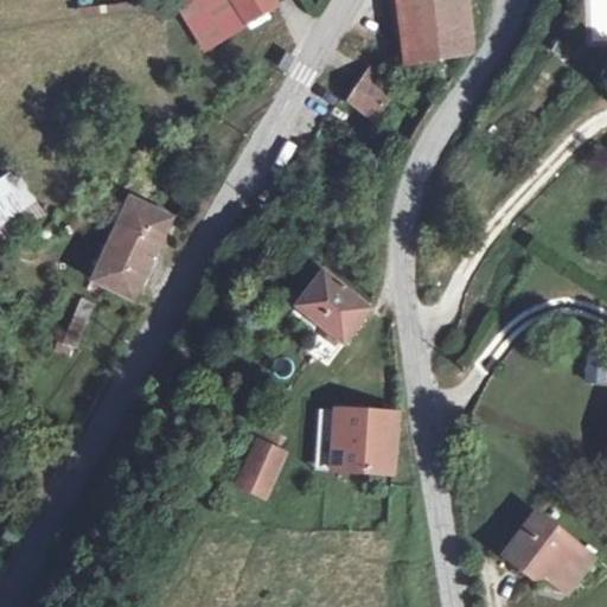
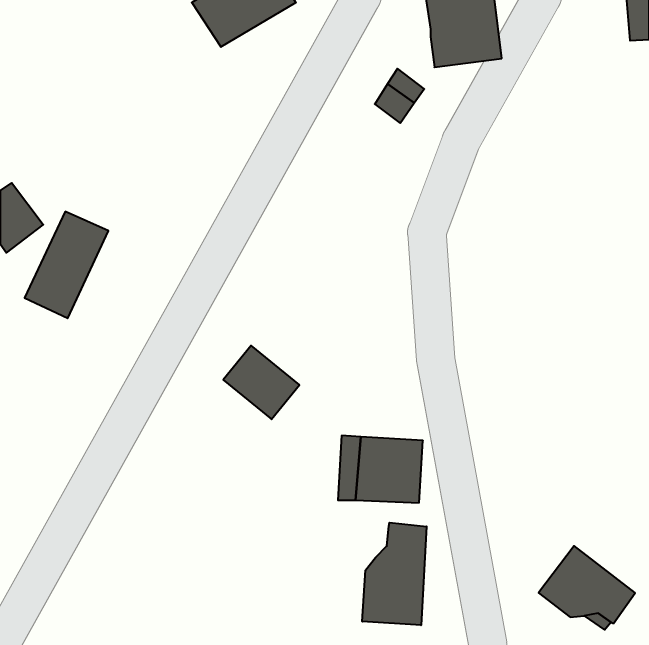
building: [92,197,171,296] -> [25,212,108,318]
building: [296,270,368,339] -> [223,346,299,419]
building: [237,439,283,493] -> none
building: none -> [362,523,427,625]

